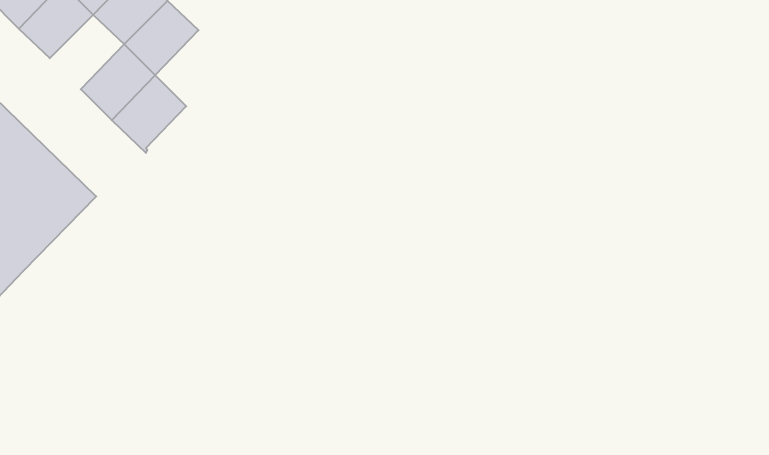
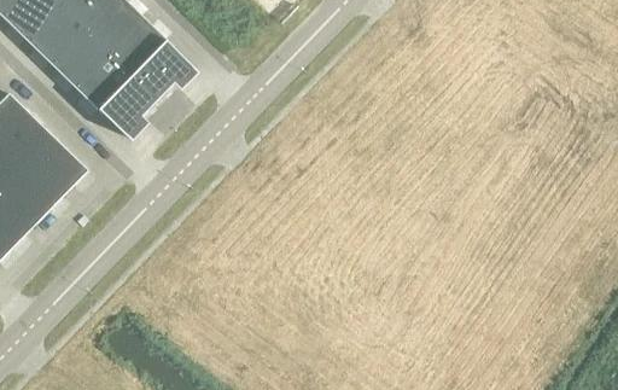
building: none -> [49,25,107,83]
building: none -> [132,37,192,97]

